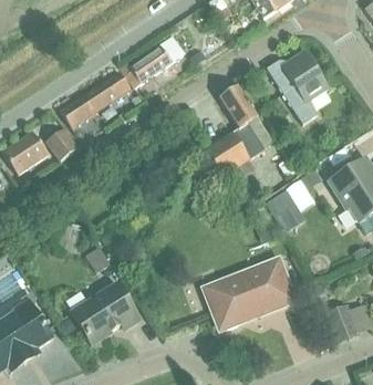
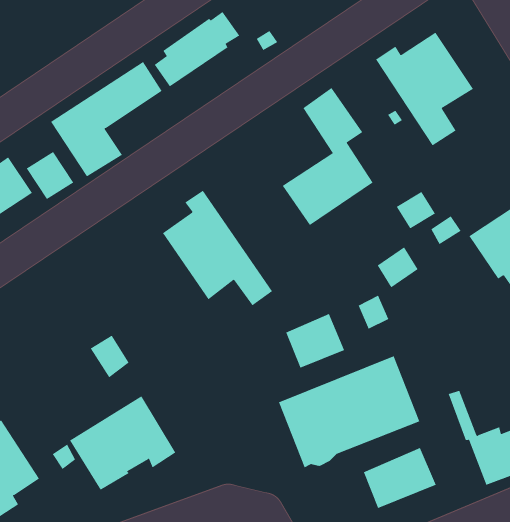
building: none -> [162,190,273,306]
building: none -> [286,313,345,368]
building: none -> [363,447,436,509]

